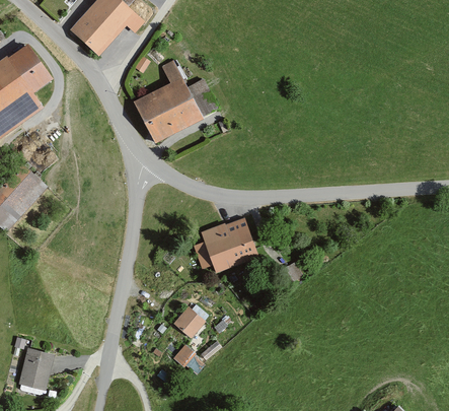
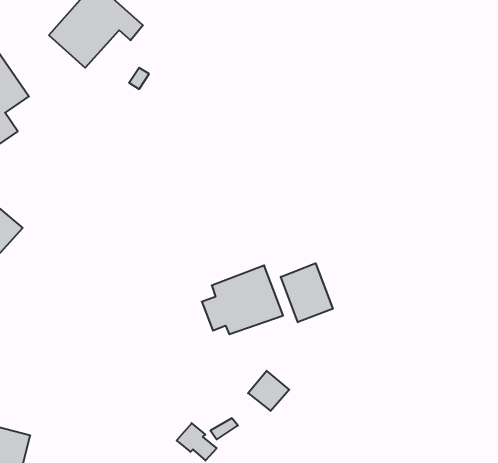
building: [133,60,218,143] -> none
building: none -> [281,263,333,322]
building: [172,305,206,338] -> [248,371,289,411]

